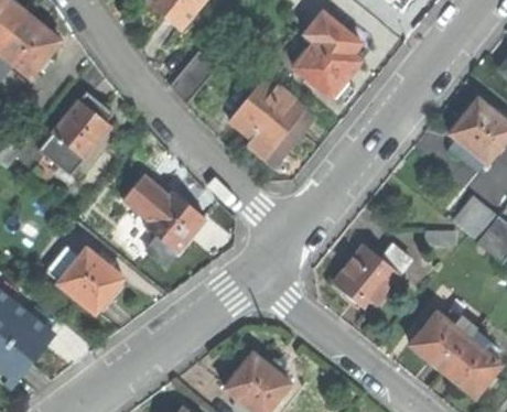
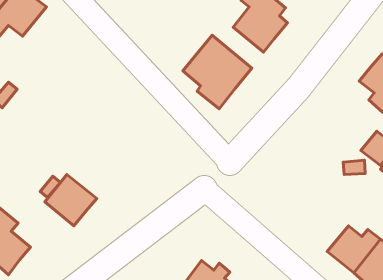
building: [171,51,216,101] -> none
building: [40,93,112,175] -> none
building: [125,176,204,264] -> none
building: [334,246,412,312] -> none

